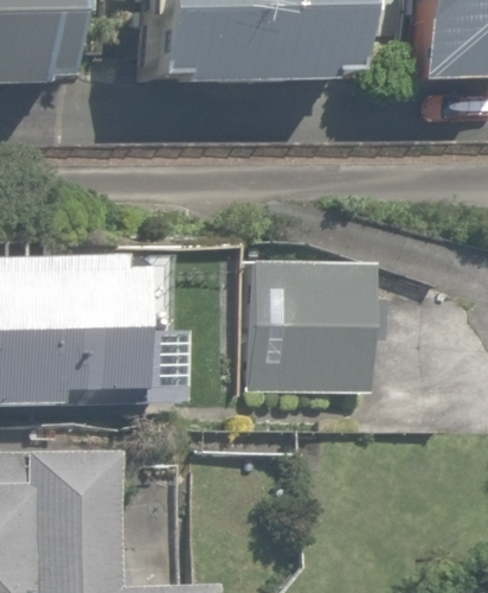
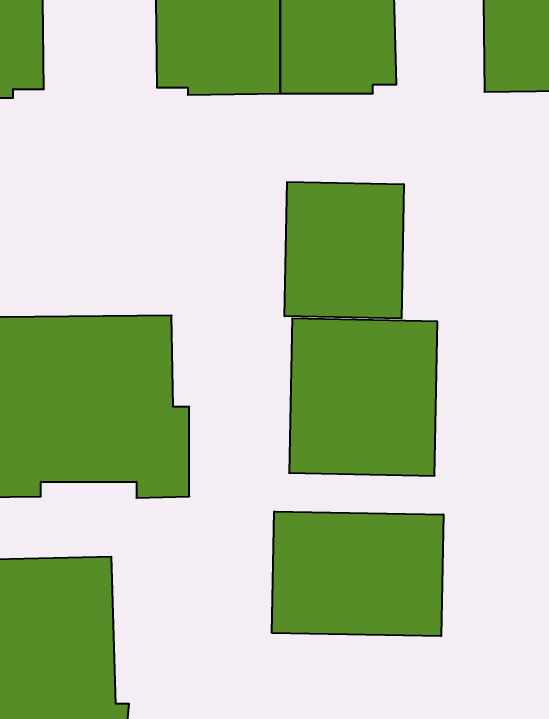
building: none -> [285,182,404,318]
building: none -> [272,511,443,636]

